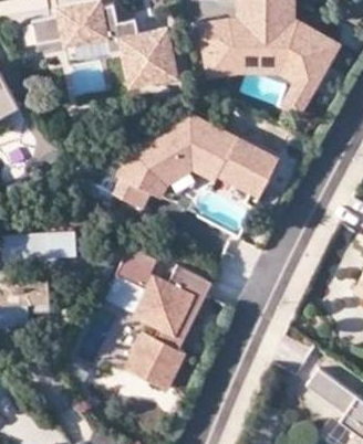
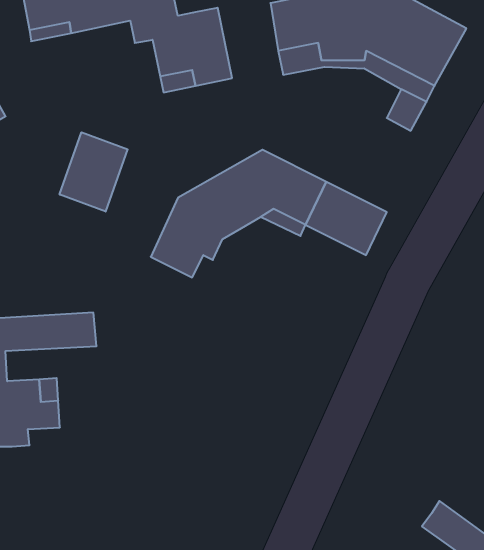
building: none -> [60,132,128,212]
building: [116,245,211,389] -> none

